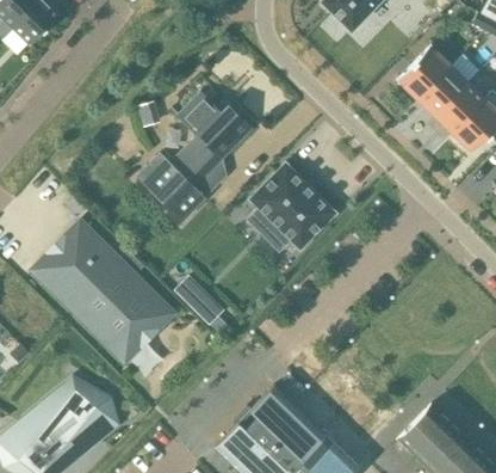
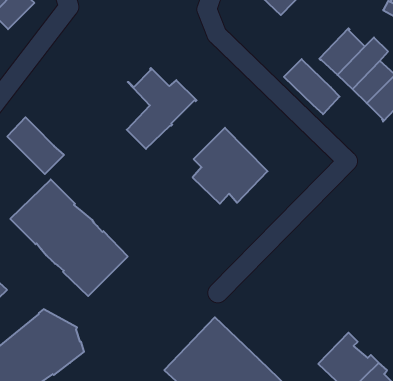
building: none -> [284,59,340,114]
building: [138,154,205,221] -> [7,117,64,174]
building: [173,276,223,324] -> none

